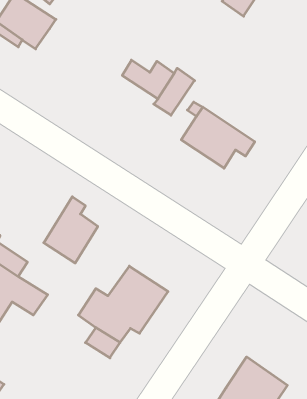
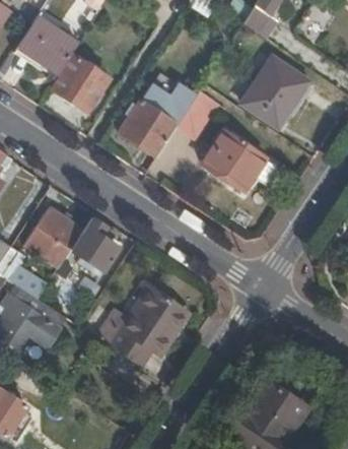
building: none -> [54,53,111,110]
building: none -> [241,58,305,126]
building: none -> [120,97,180,155]
building: none -> [27,208,83,267]

